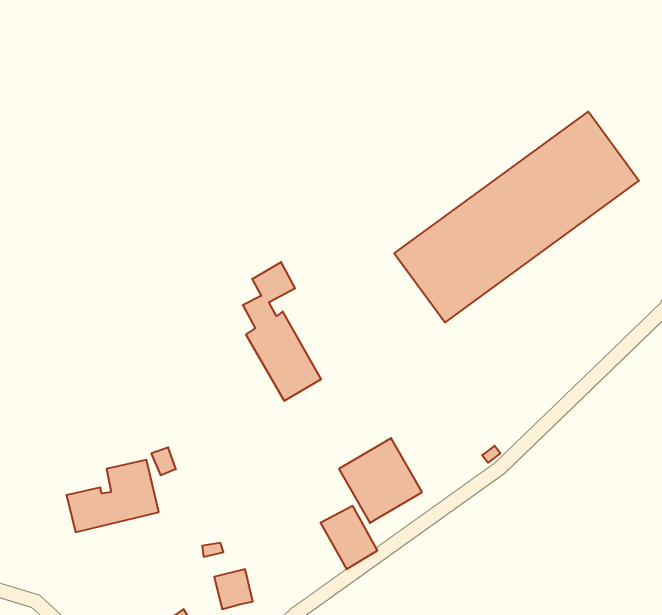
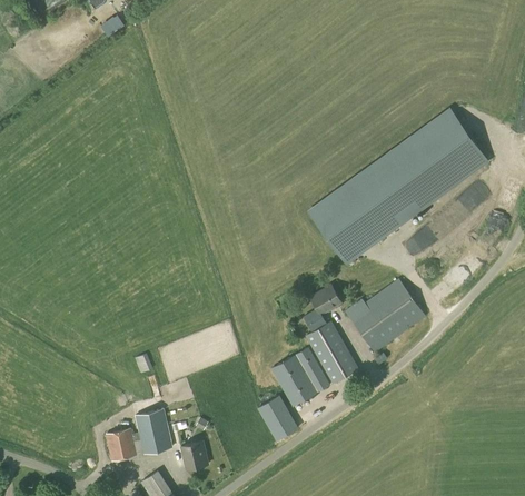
building: [243,262,321,401] -> [301,285,358,385]
building: none -> [344,279,425,354]
building: [66,460,159,532] -> [105,409,171,462]

